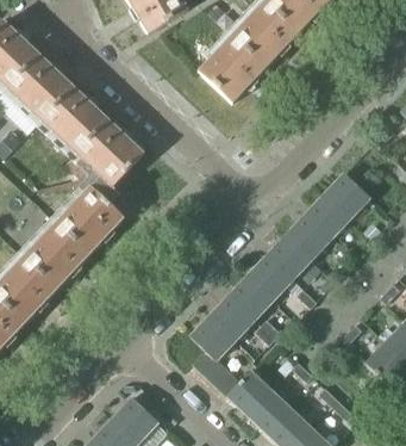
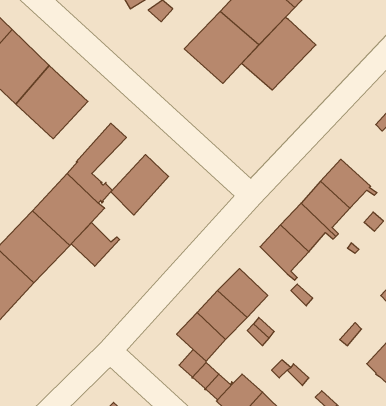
building: none -> [242,17,316,90]
building: [75,119,129,175] -> [111,155,169,215]
building: none -> [71,222,120,266]
building: [248,254,292,299] -> none

